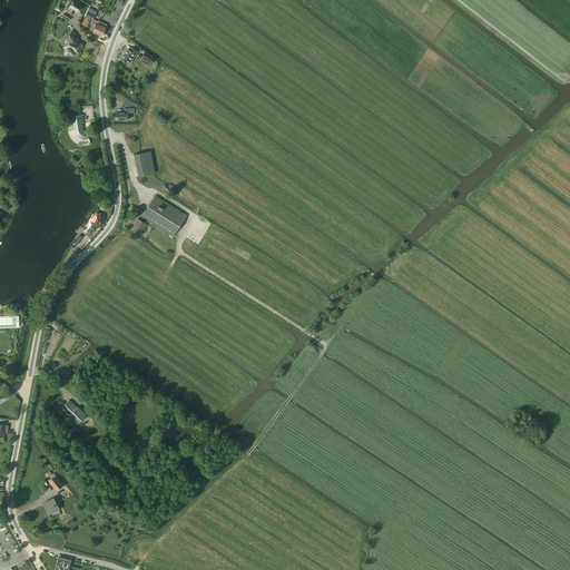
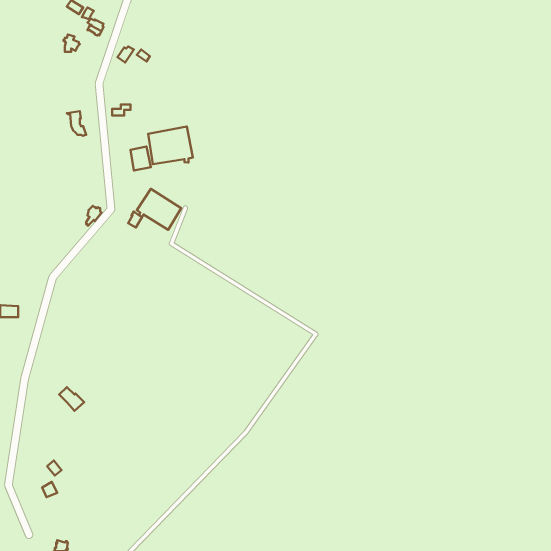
building: none -> [148,127,193,164]

